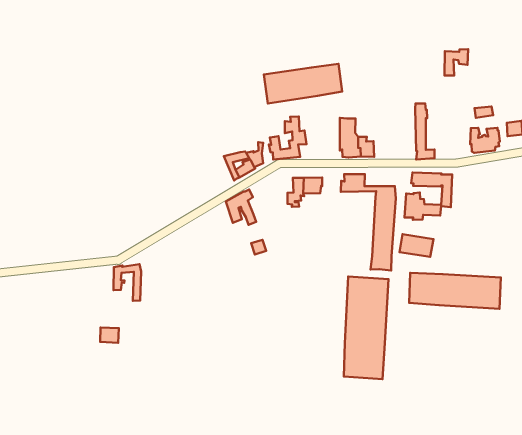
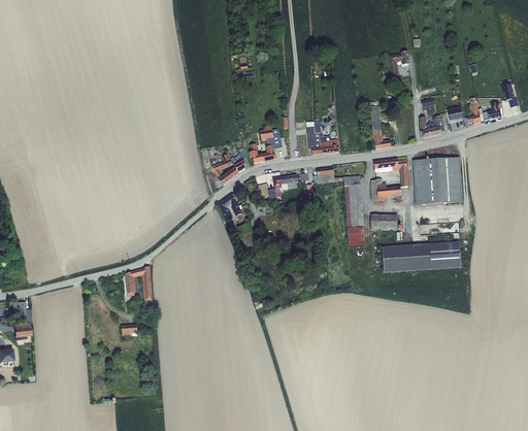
building: [264,64,342,104] -> none
building: none -> [411,157,462,205]
building: [344,276,388,379] -> none

